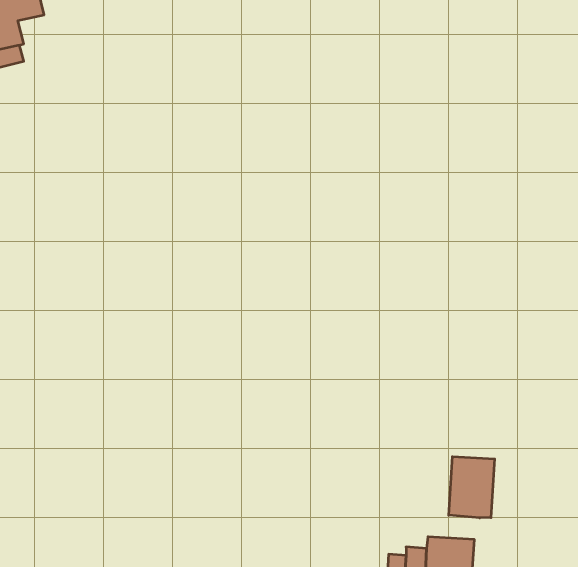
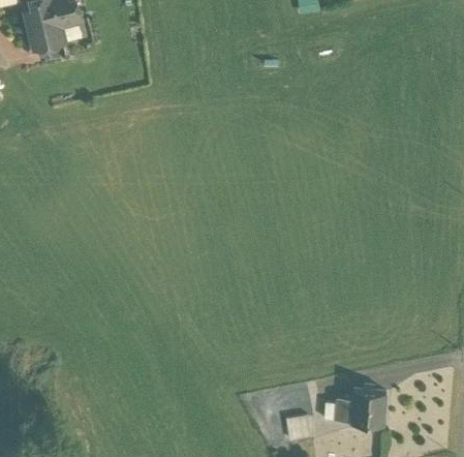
building: [449,457,495,518] -> none

